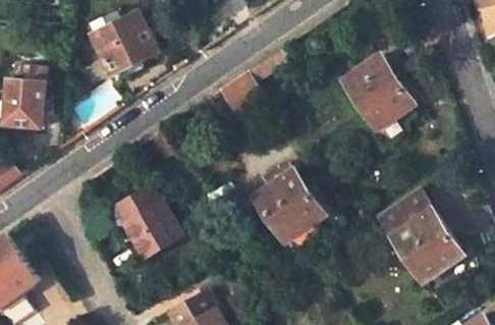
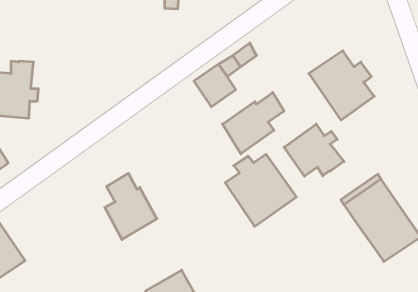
building: [90,14,156,85] -> none
building: none -> [222,92,284,154]
building: none -> [284,124,344,176]

